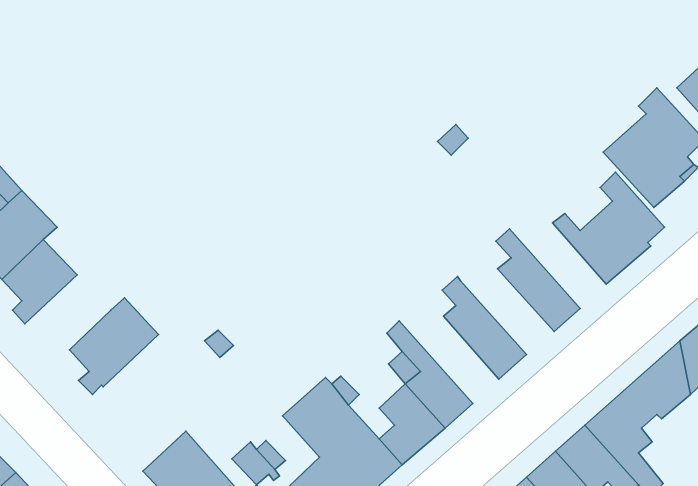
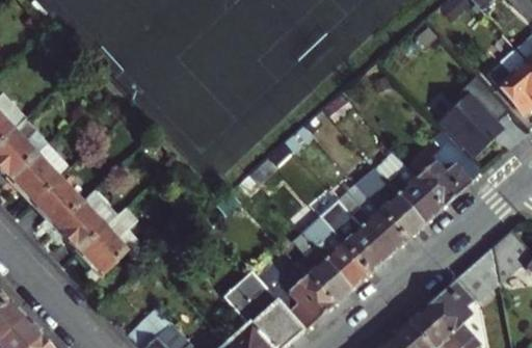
building: none -> [376,154,442,224]
building: none -> [343,197,406,256]
building: none -> [48,202,106,252]
building: none -> [301,225,369,289]

